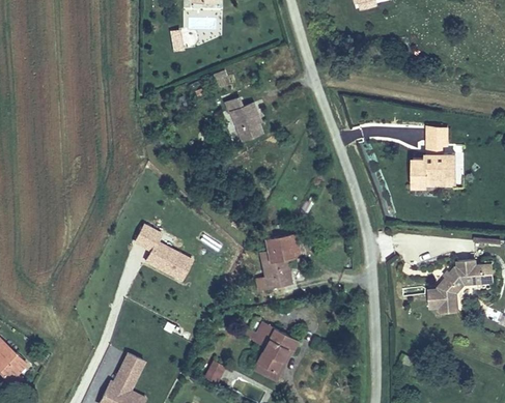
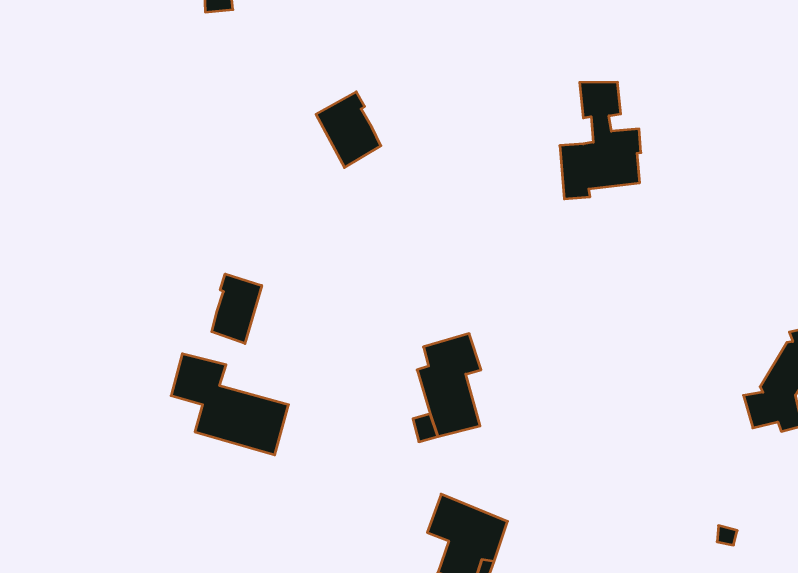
building: [415,136,459,196] -> [560,82,641,199]
building: none -> [212,274,262,344]

